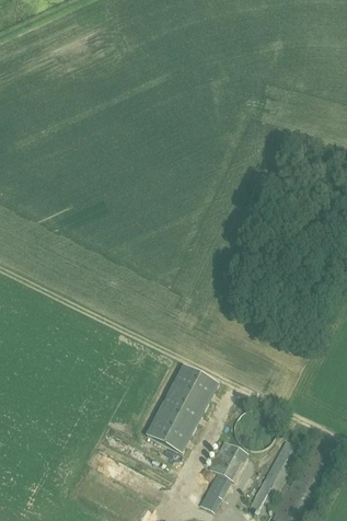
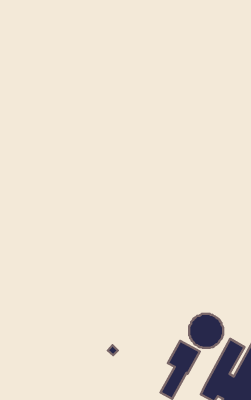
building: [147,364,219,453] -> none

